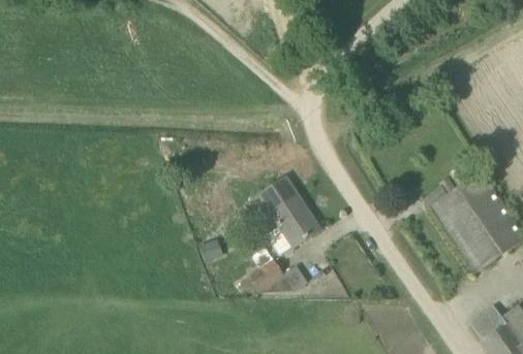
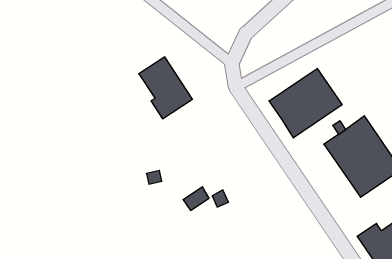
building: none -> [269,68,342,138]
building: [252,176,320,255] -> [139,57,192,119]

